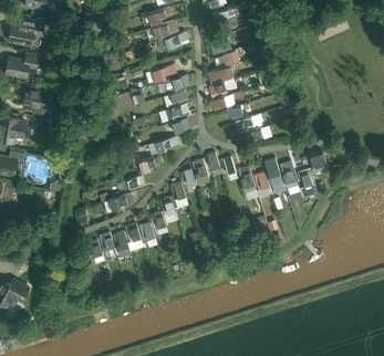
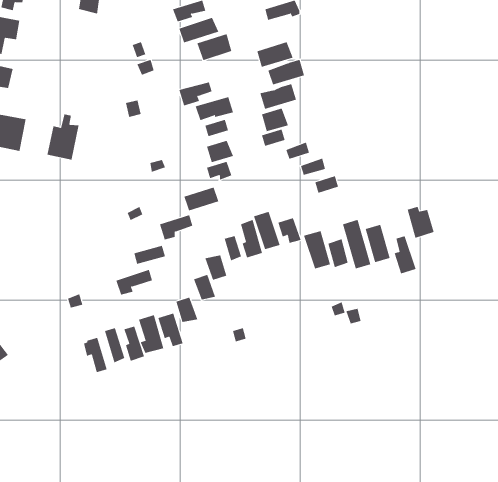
building: none -> [47,113,79,160]

